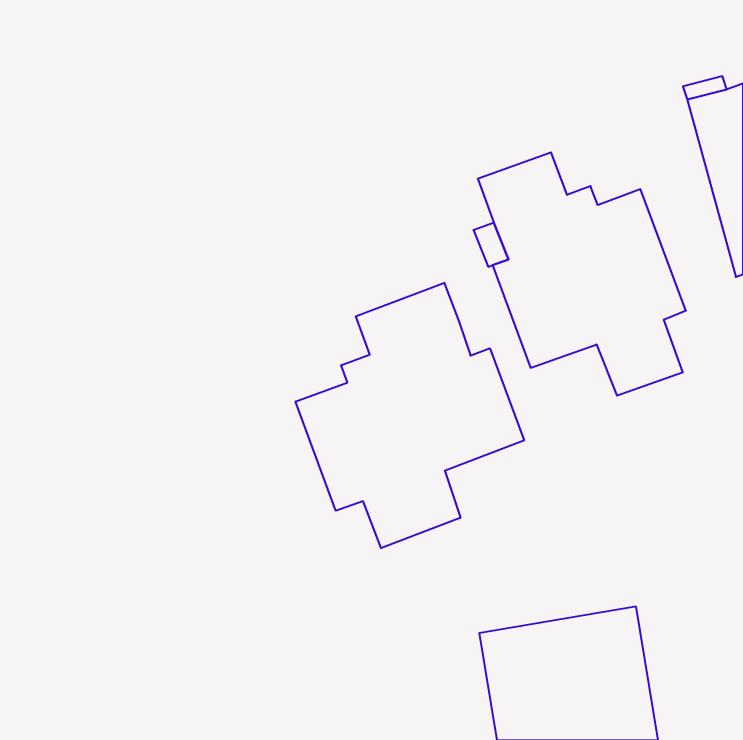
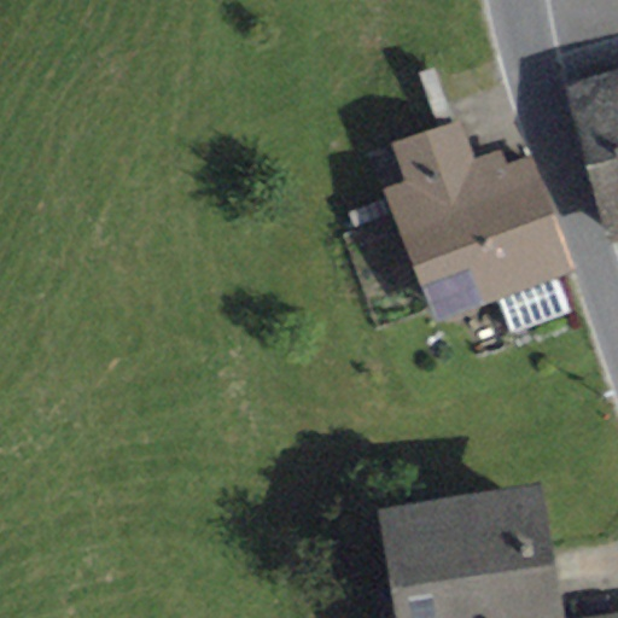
building: [296,283,524,548] -> none

